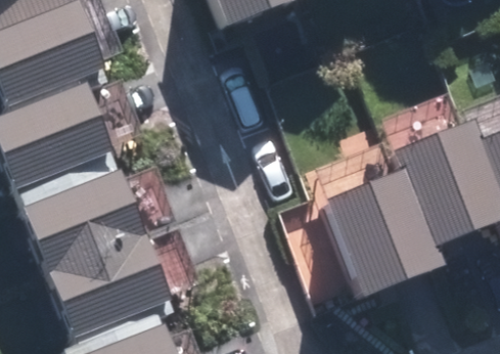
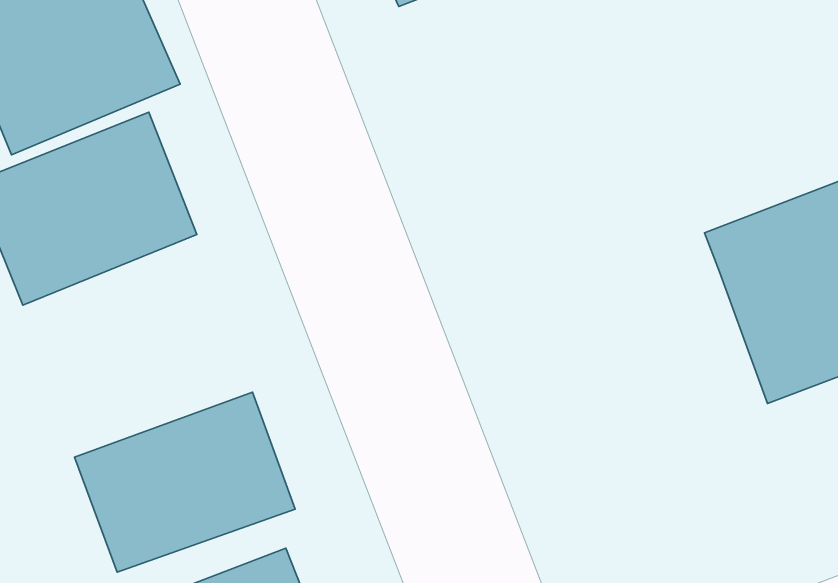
building: [24,169,146,272] -> none
building: [327,170,440,294] -> none

